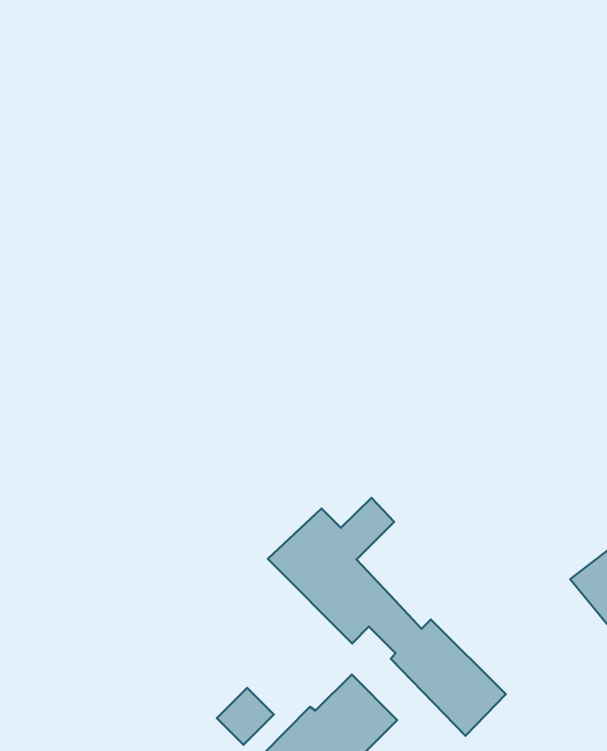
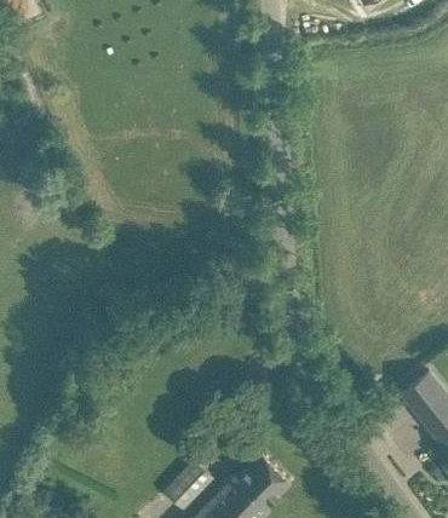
building: [268,498,506,736] -> none

